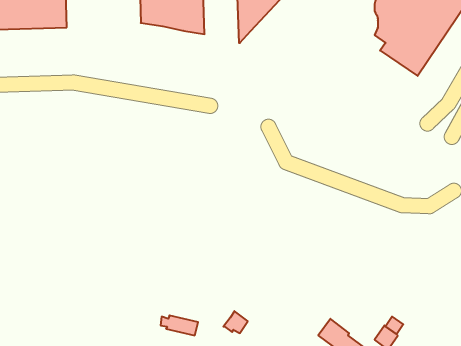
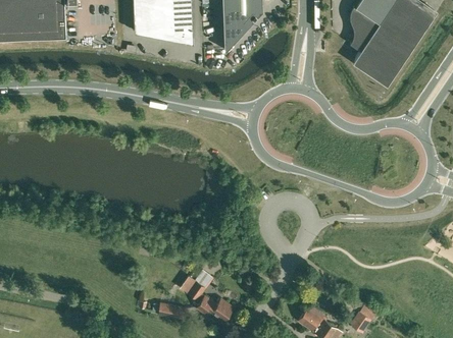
building: none -> [180,277,216,318]

